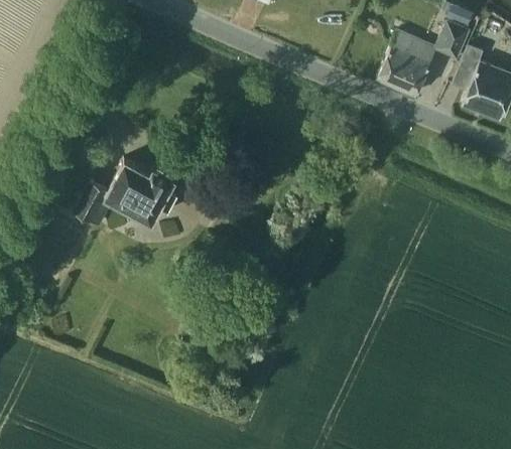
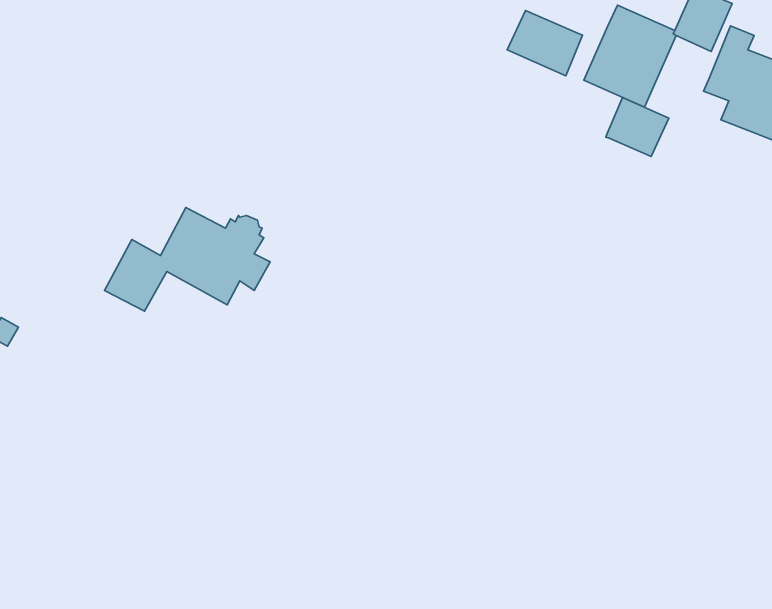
building: none -> [507,10,583,76]
building: none -> [606,97,669,156]

